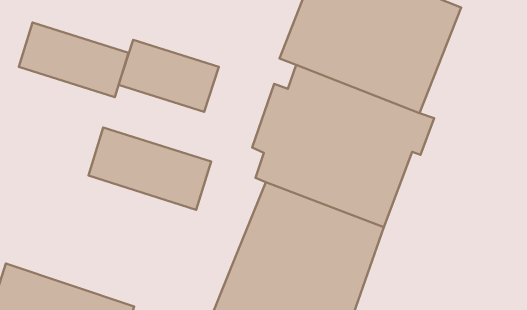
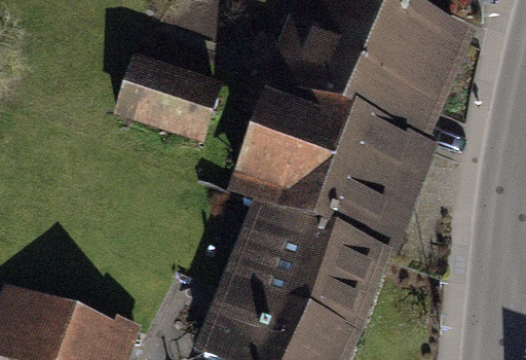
building: [19,22,128,97] -> none
building: [88,127,211,210] -> none

